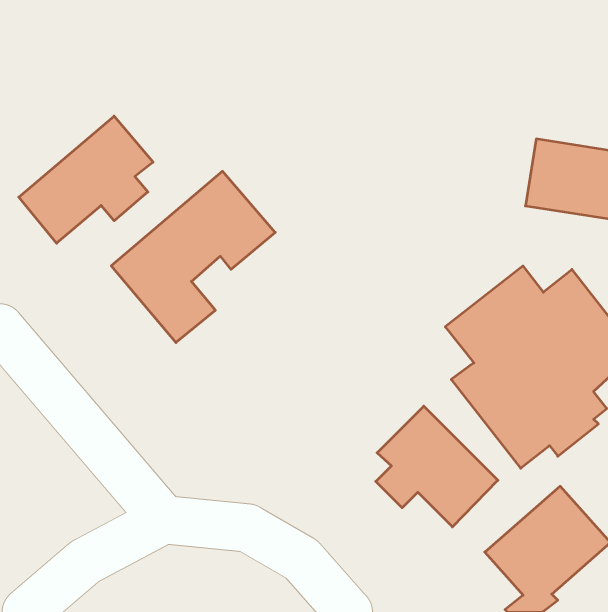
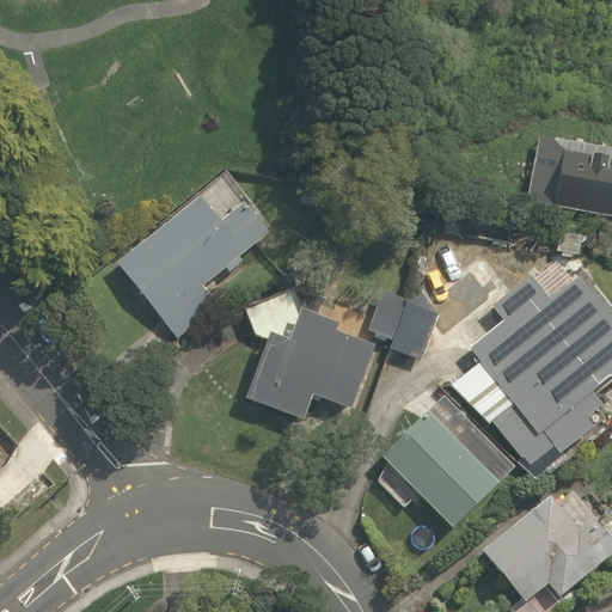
building: [19,116,153,243] -> none
building: none -> [243,288,441,416]

